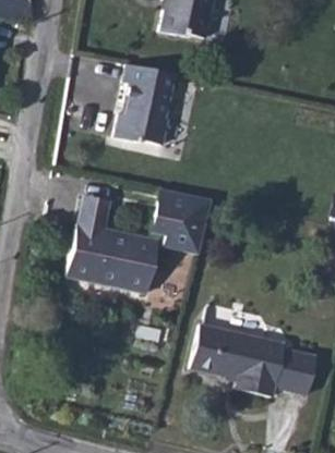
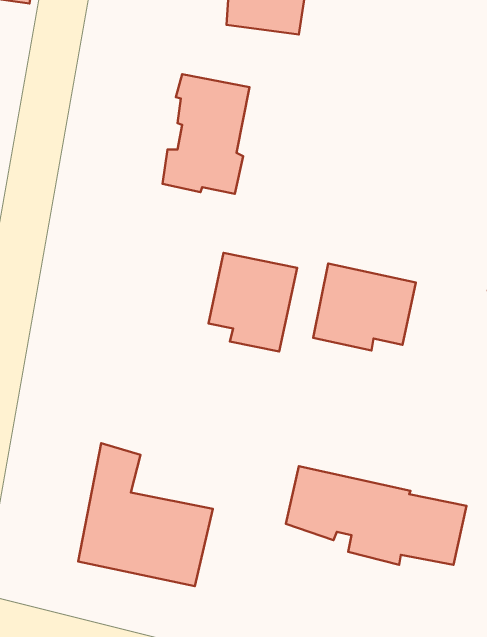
building: none -> [313,263,416,350]
building: [65,195,155,290] -> [78,443,213,586]

